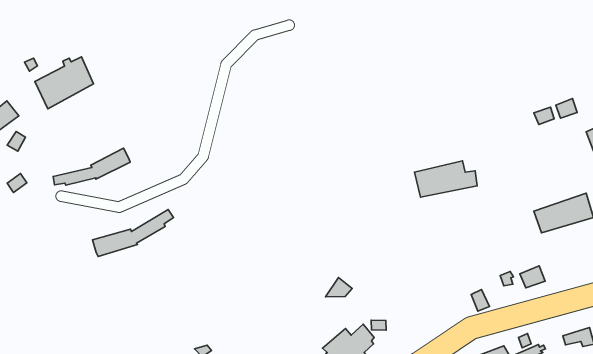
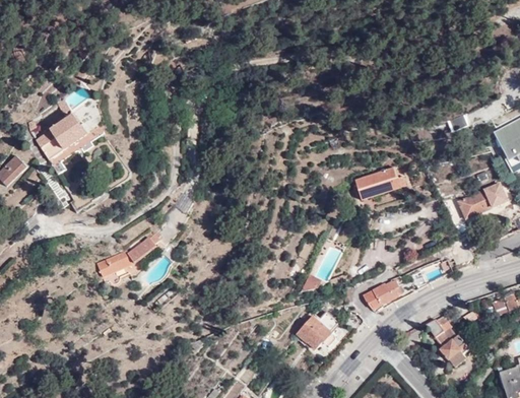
building: [53,148,130,185] -> none
building: none -> [365,278,404,308]

